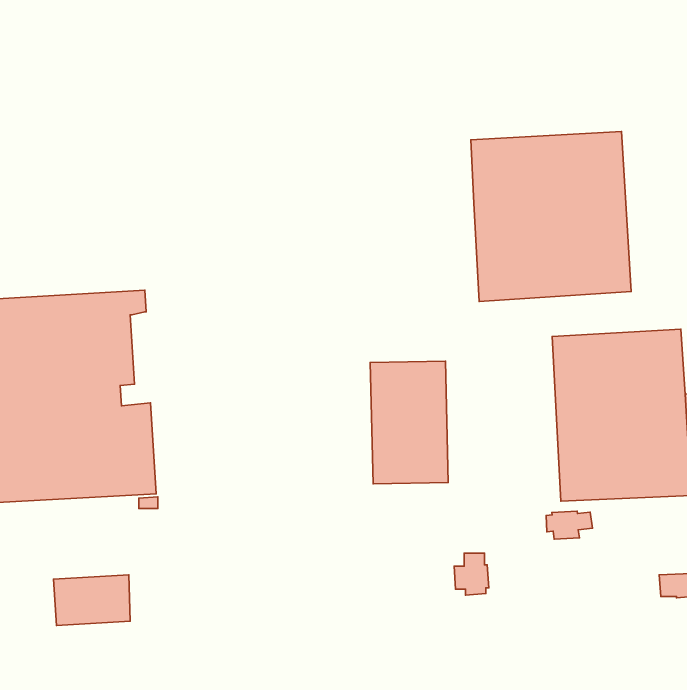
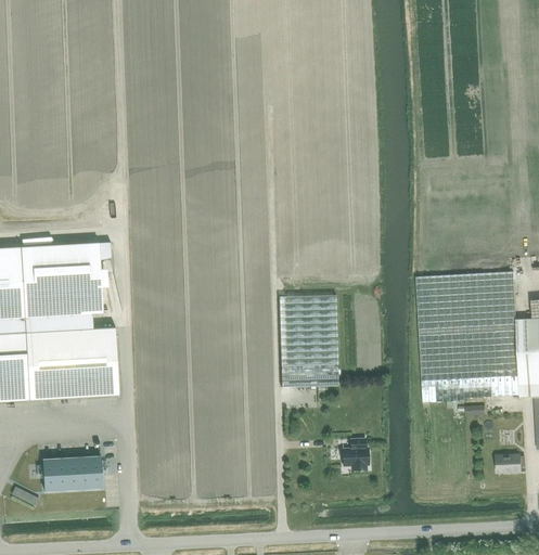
building: [471,131,631,301] -> none
building: [546,511,592,539] -> none

